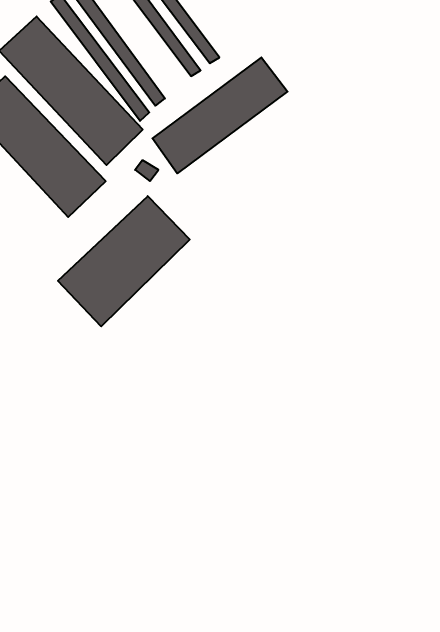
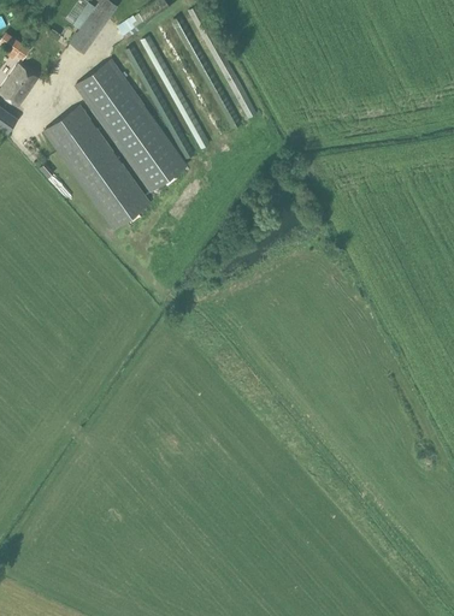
building: [152,57,288,173] -> none
building: [58,196,190,326] -> none

